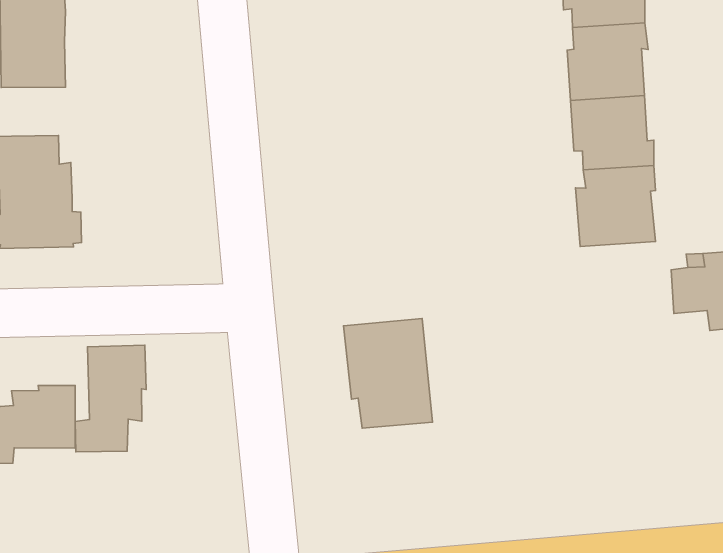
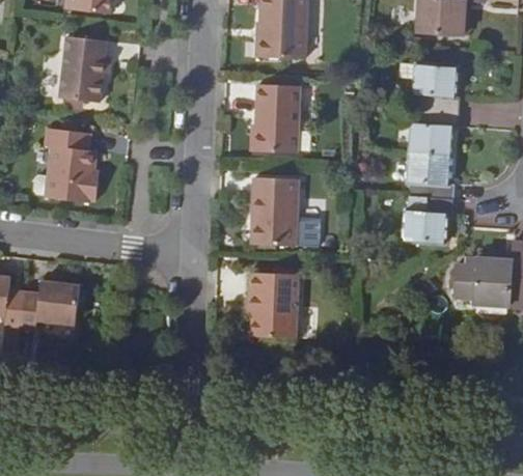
building: none -> [255,84,299,153]
building: none -> [251,177,298,246]
building: [75,345,146,452] -> none

